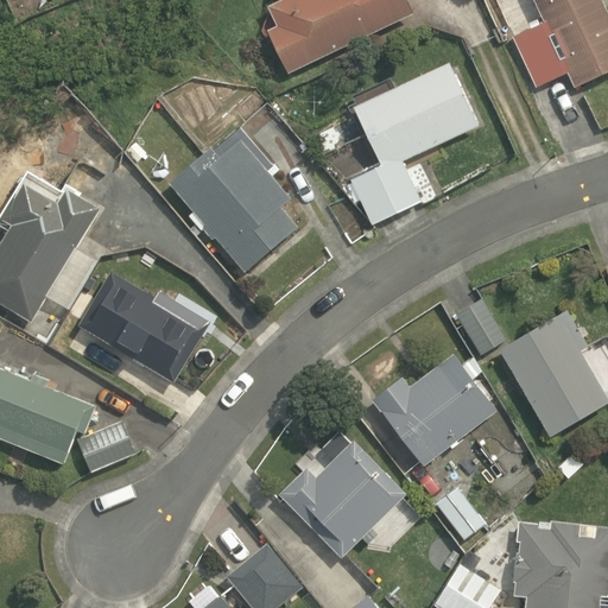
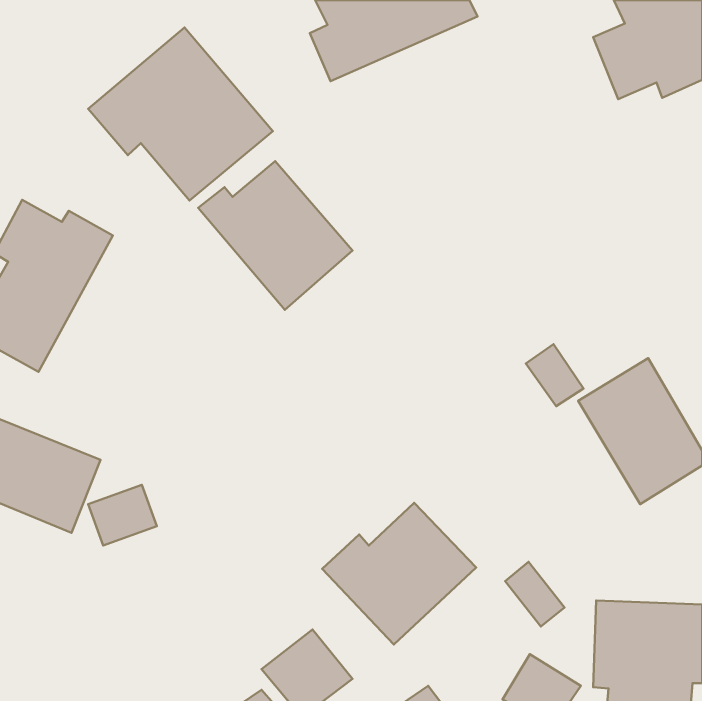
building: none -> [88,28,273,201]
building: [348,58,479,224] -> none
building: [82,273,214,385] -> none
building: [370,352,493,464] -> none

